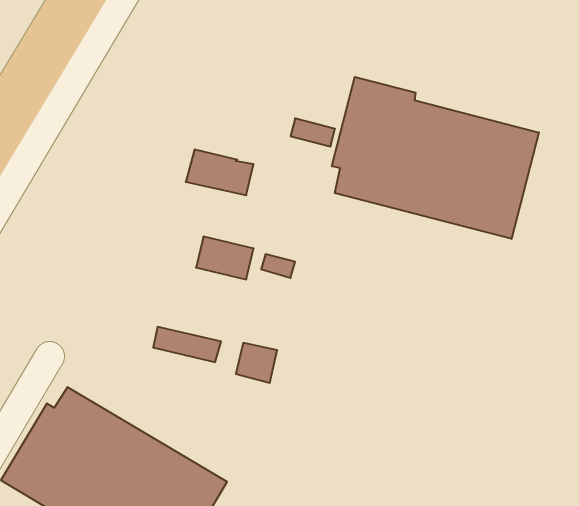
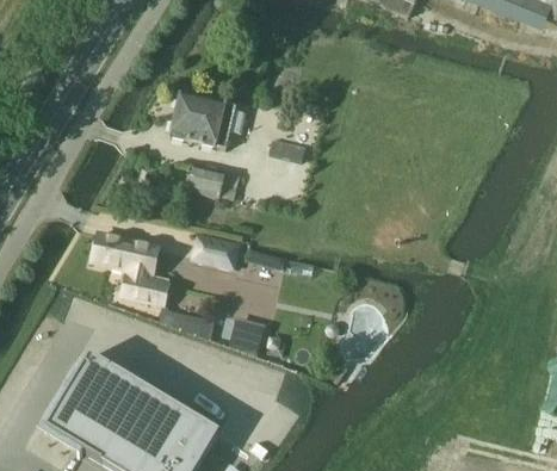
building: none -> [171,92,236,149]
building: [332,77,539,239] -> none
building: none -> [93,234,169,304]

